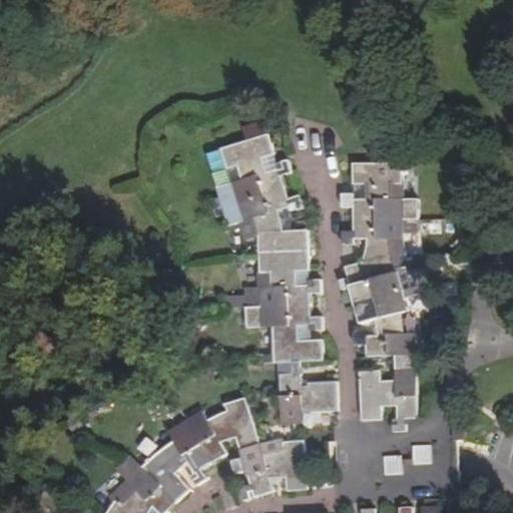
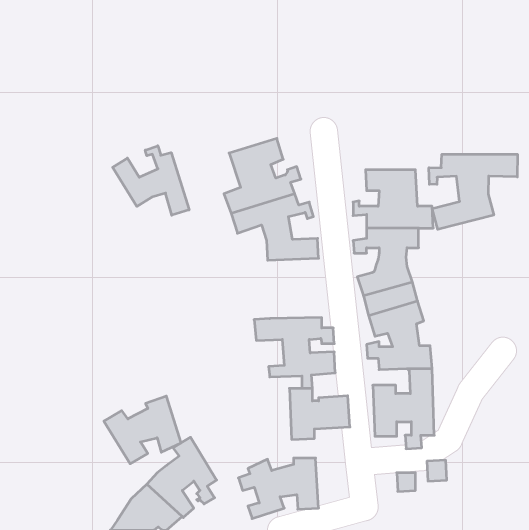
building: none -> [113,146,189,215]
building: none -> [429,154,517,229]
building: [258,248,319,307] -> none
building: [183,397,258,462] -> [104,396,181,464]

